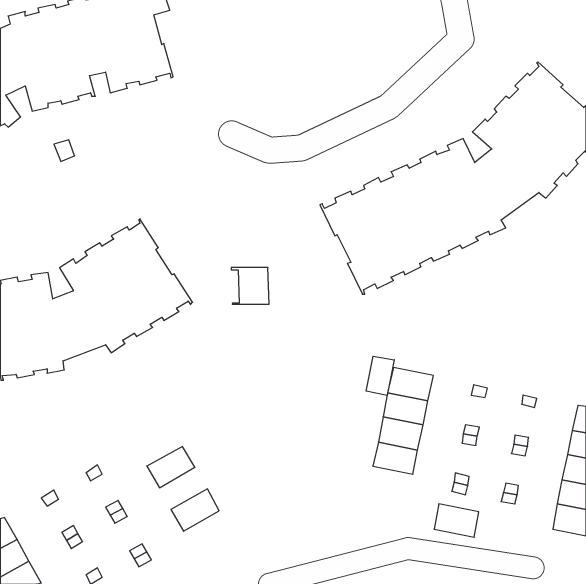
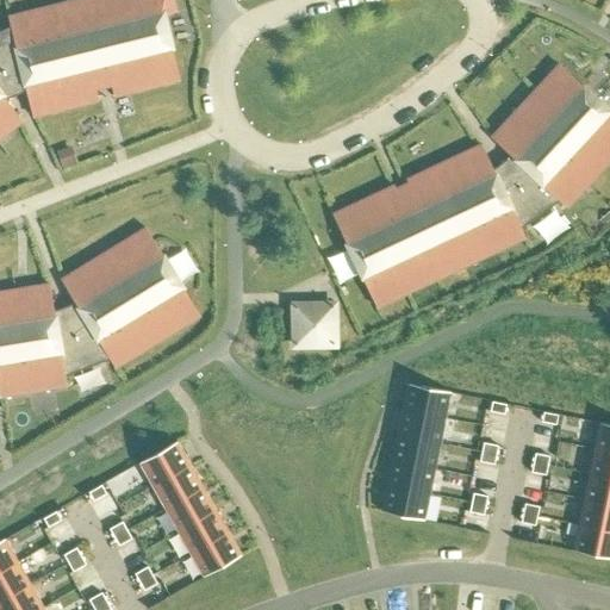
building: [231,268,269,304] -> [294,305,334,343]
building: [366,356,394,395] -> none
building: none -> [139,441,189,485]
building: none -> [166,486,216,530]
building: [434,504,479,537] -> [382,485,429,519]
building: none -> [191,531,241,575]

